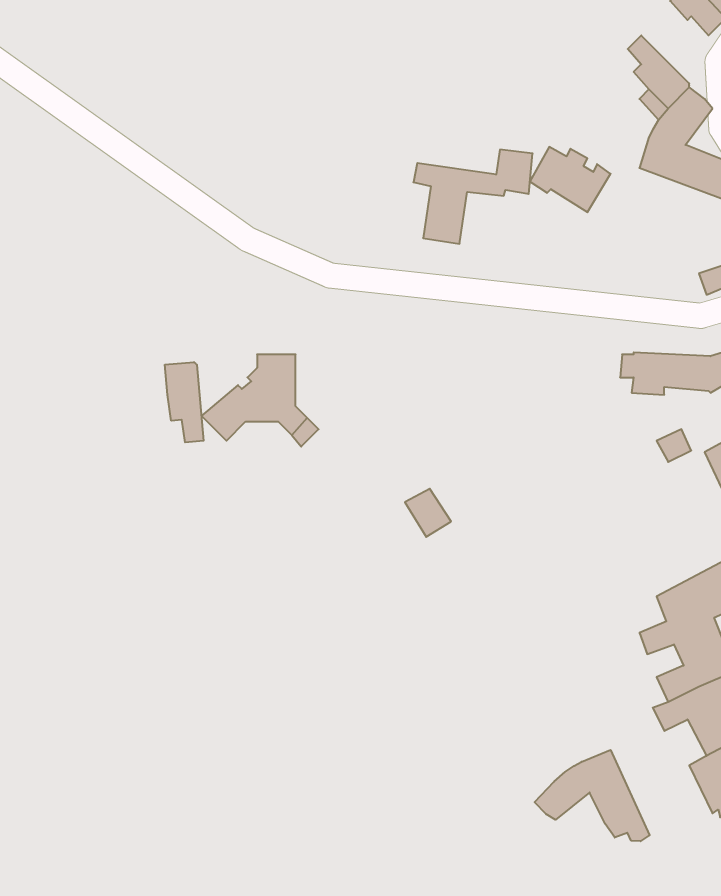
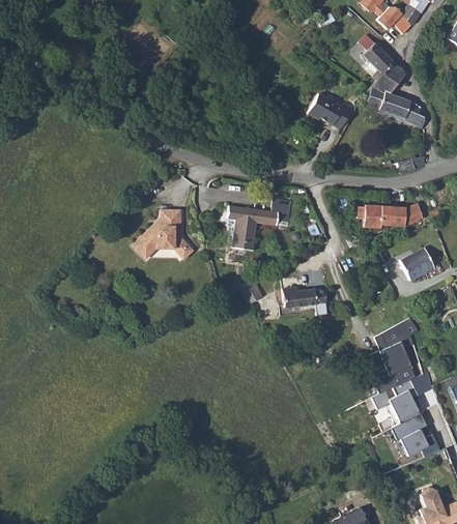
building: [413,150,533,244] -> [226,200,290,251]
building: [165,362,204,442] -> none
building: none -> [283,288,326,315]
building: [535,750,650,841] -> none

